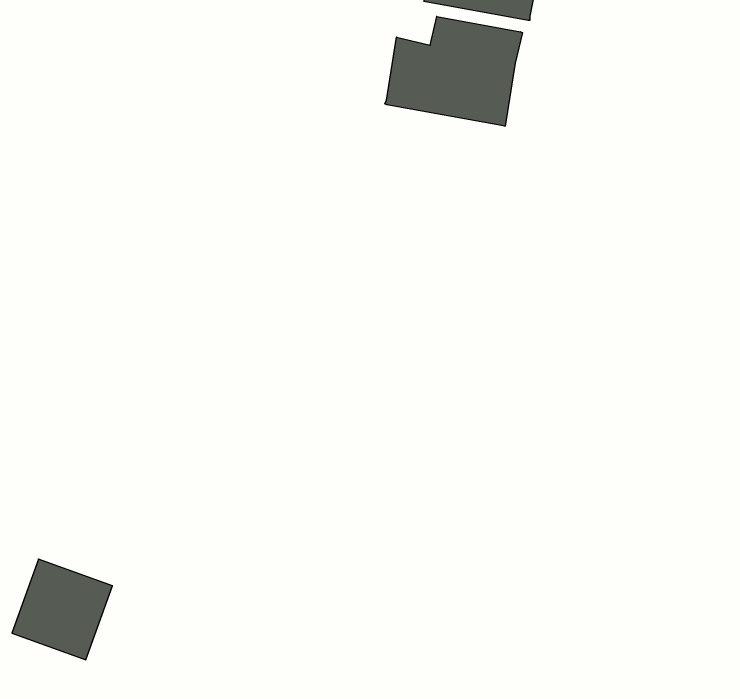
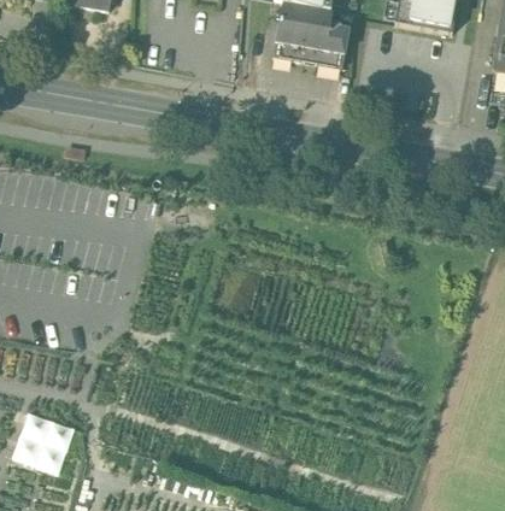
building: [385,16,522,126] -> none

